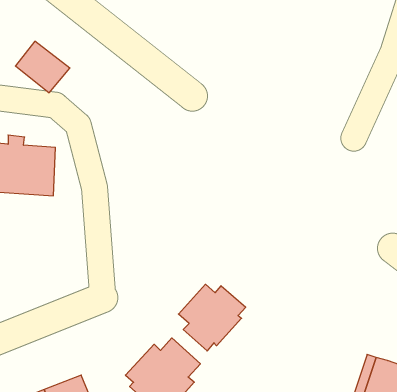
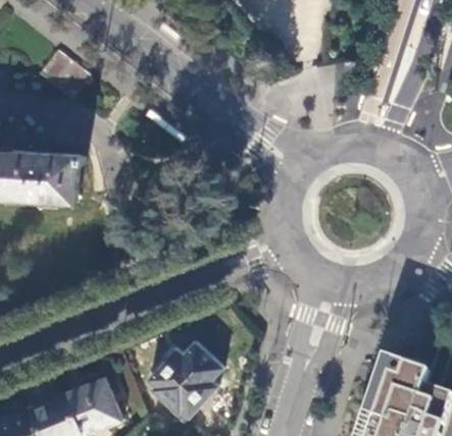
building: [178,284,246,351] -> none

